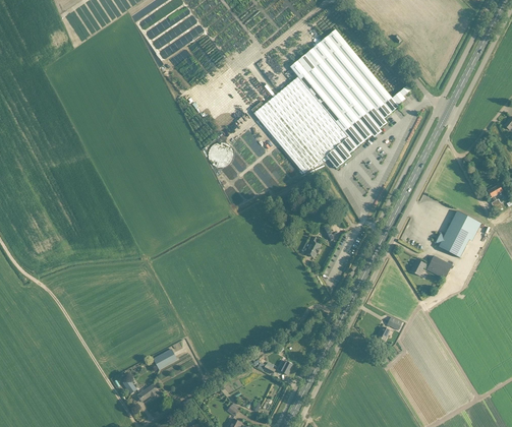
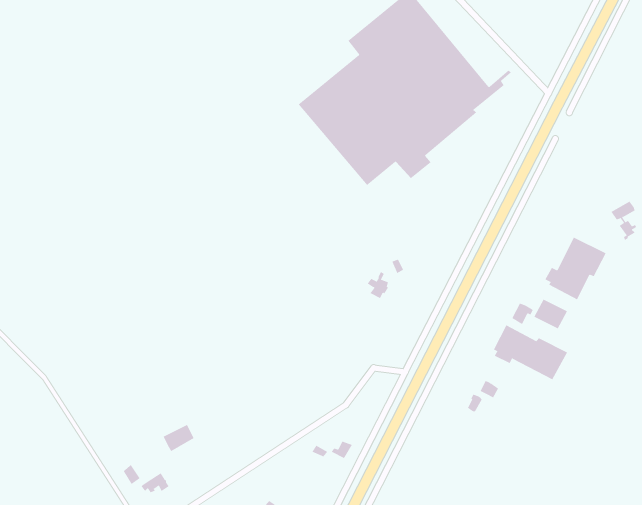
building: none -> [493,325,568,380]

